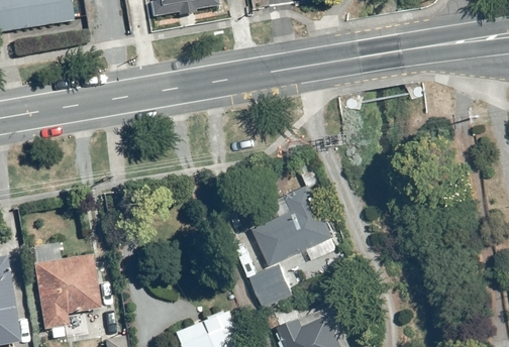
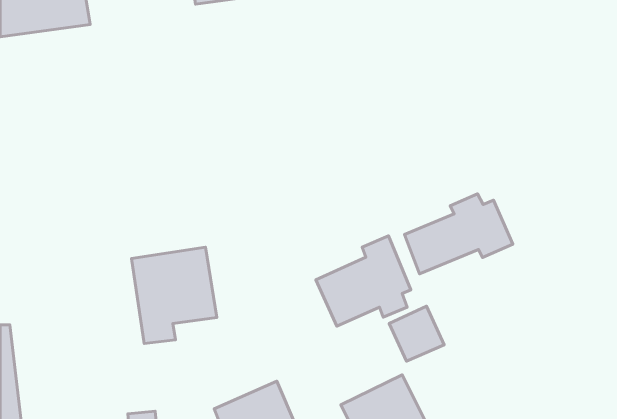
building: none -> [404,194,513,274]
building: [32,250,101,328] -> [132,247,217,344]
building: [250,263,295,308] -> [389,306,444,361]

